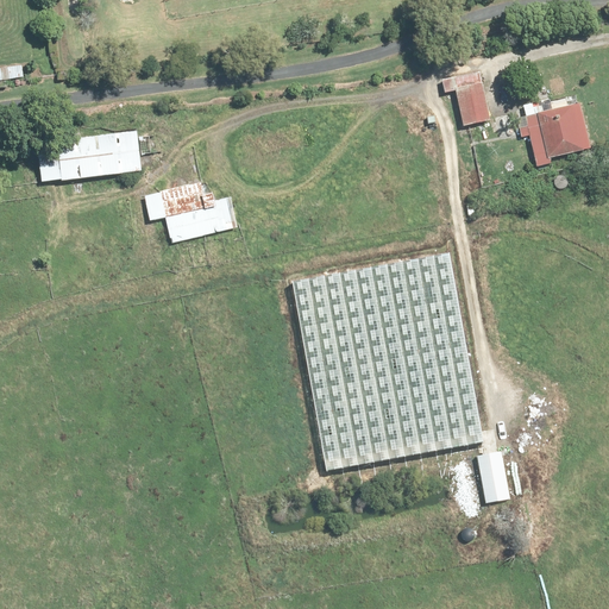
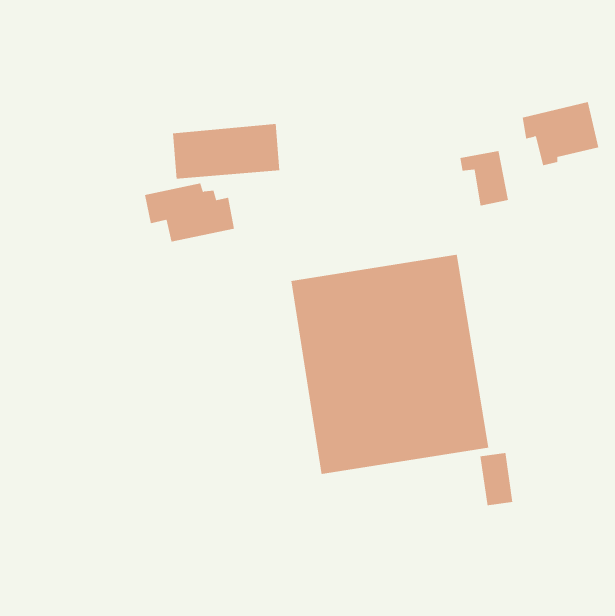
building: [441,74,490,128] -> [459,151,509,206]
building: [39,130,145,184] -> [172,123,280,179]

